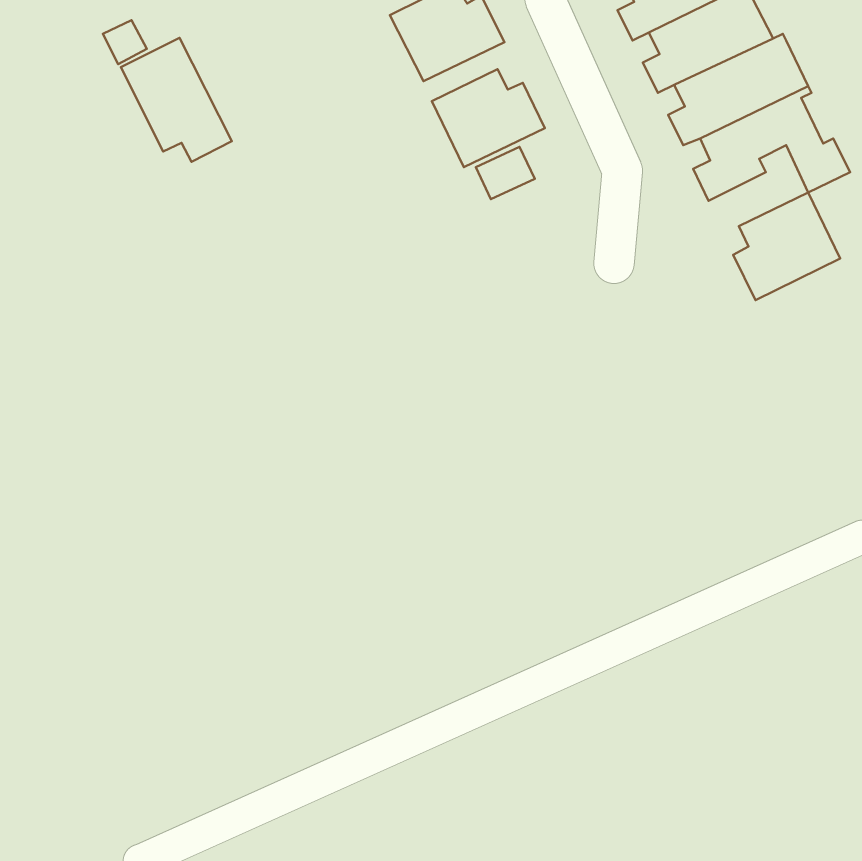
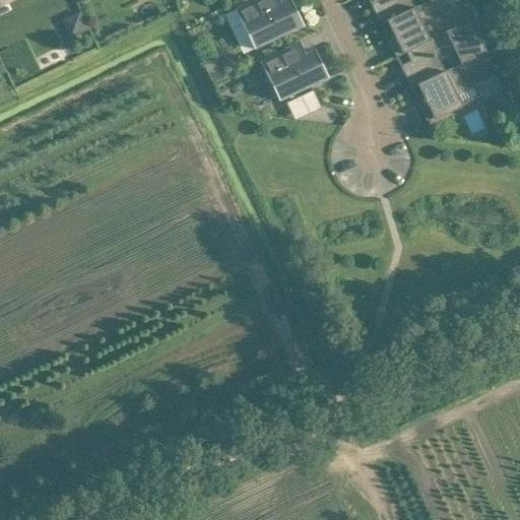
building: [121,38,232,162] -> none
building: [733,192,840,300] -> none

